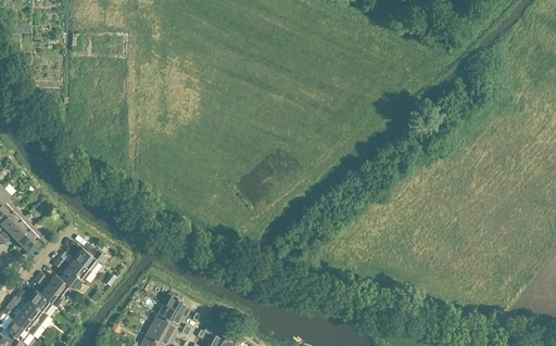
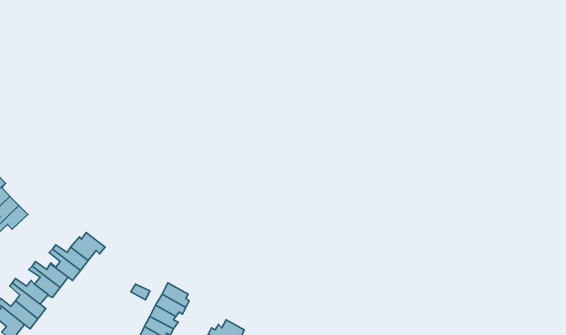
building: [16,227,49,251] -> none

